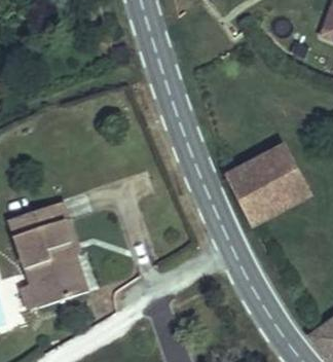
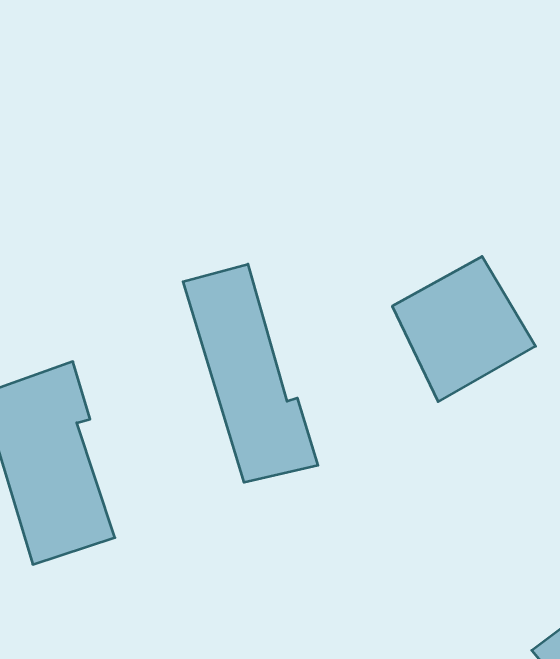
building: none -> [183,264,318,482]

